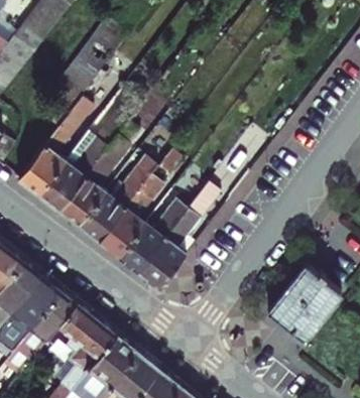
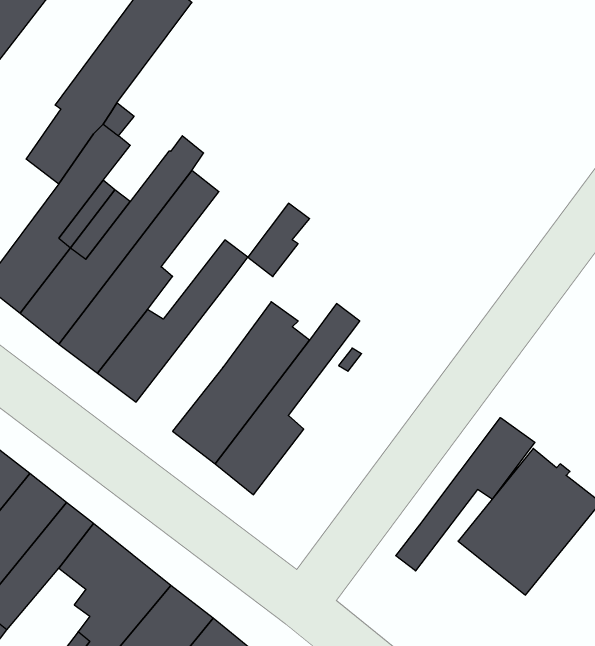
building: [99,173,164,256] -> none
building: none -> [396,418,535,571]

